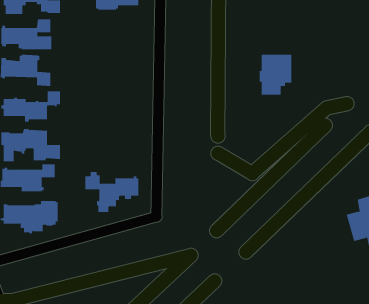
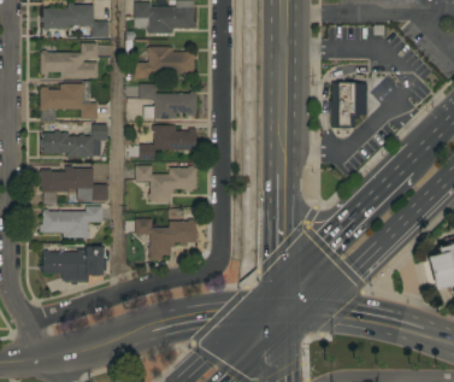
building: none -> [135,47,195,78]
building: none -> [138,84,195,119]
building: none -> [138,125,195,160]
building: none -> [135,165,195,201]

